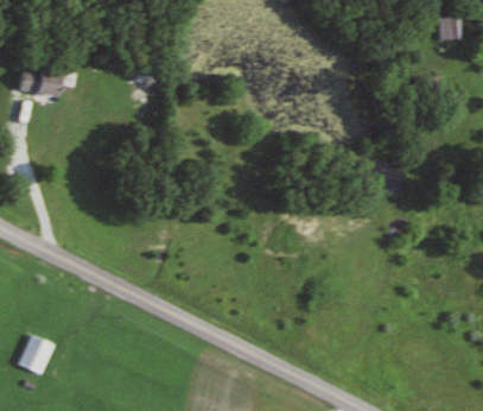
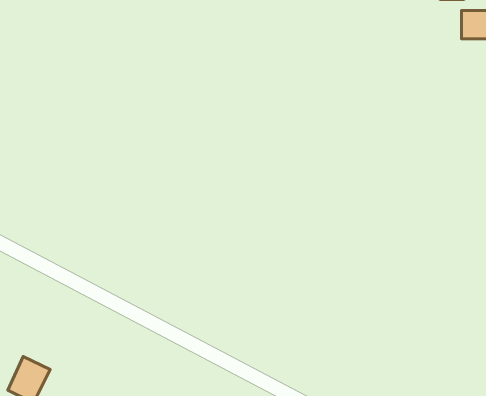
building: [18,71,59,95] -> none

